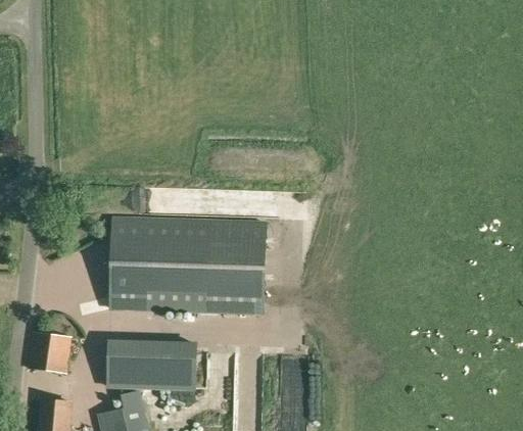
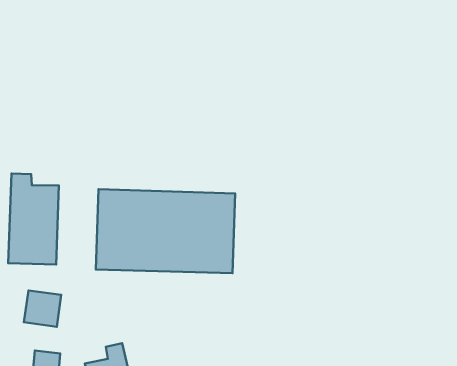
building: none -> [8,174,59,265]
building: [107,340,196,388] -> none

